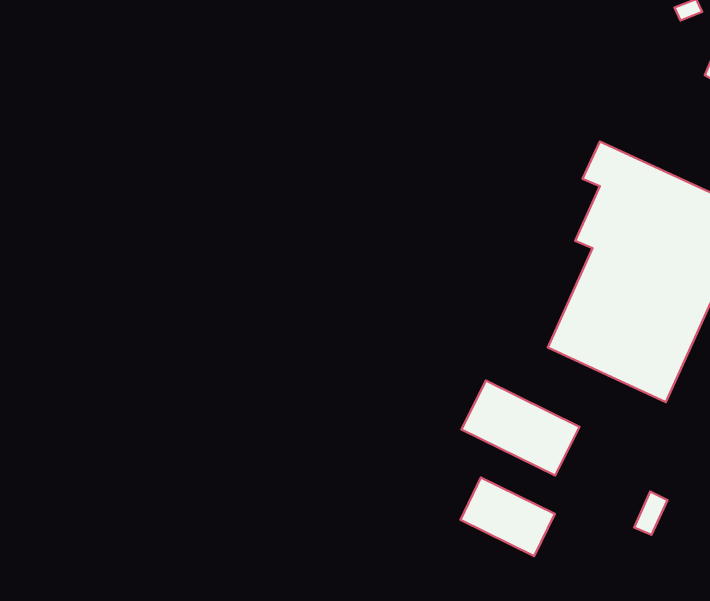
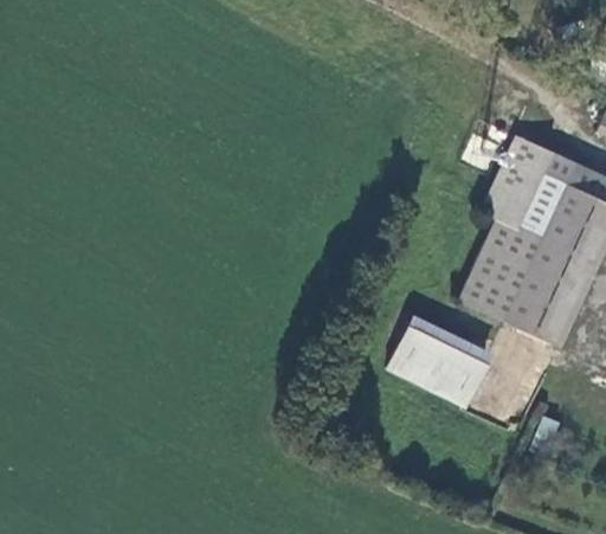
building: [460,477,555,556] -> none

